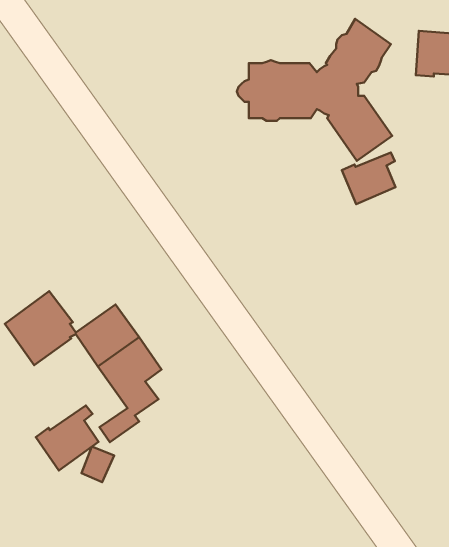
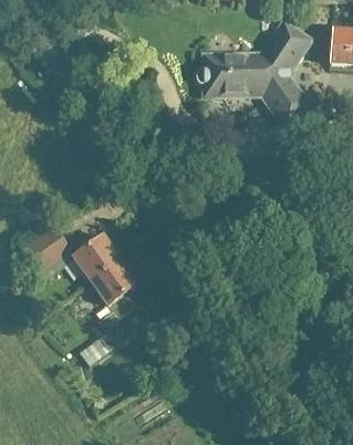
building: [342,152,395,204] -> none
building: [36,405,99,470] -> none

